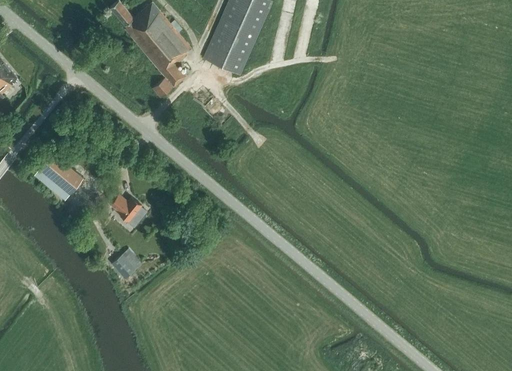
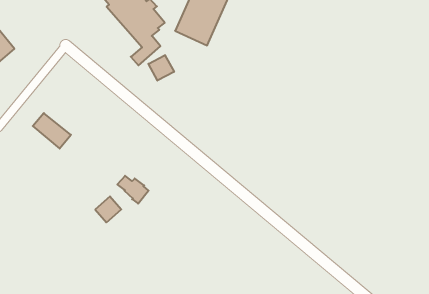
building: none -> [148,55,174,81]
building: [110,195,146,227] -> [117,176,149,204]

